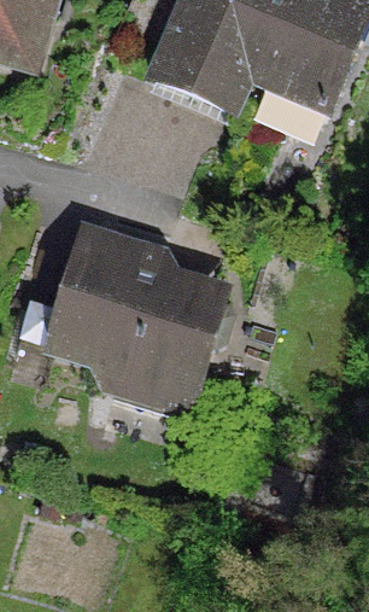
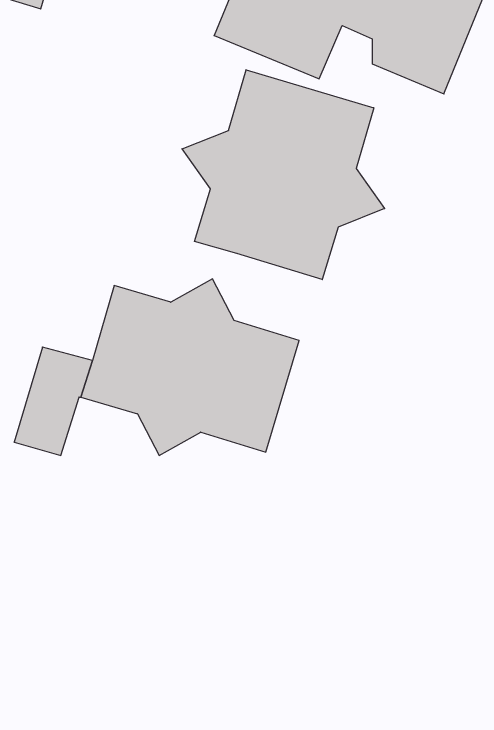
building: none -> [182,70,385,280]

